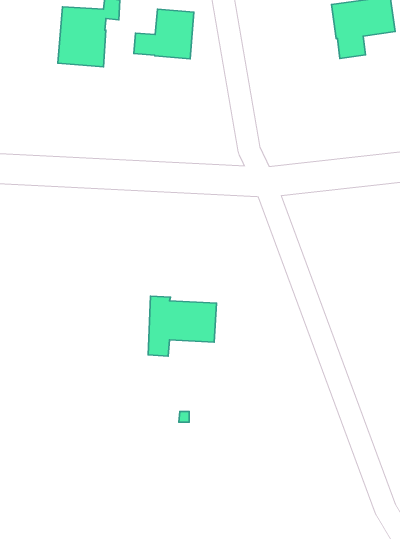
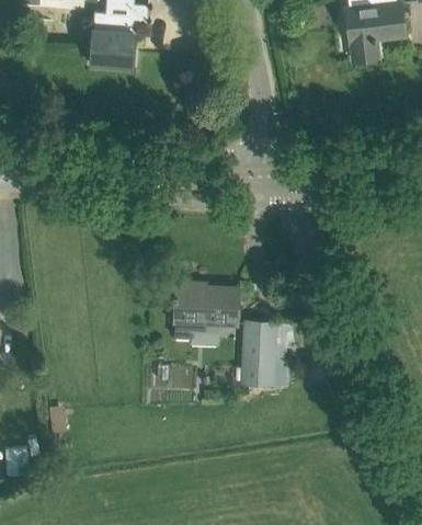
building: [134,9,194,59] -> none
building: none -> [242,321,276,384]

